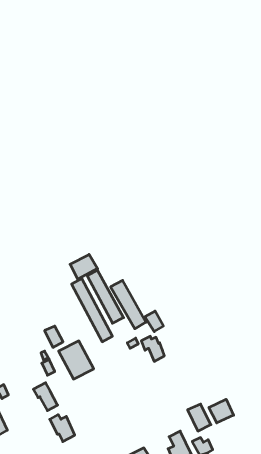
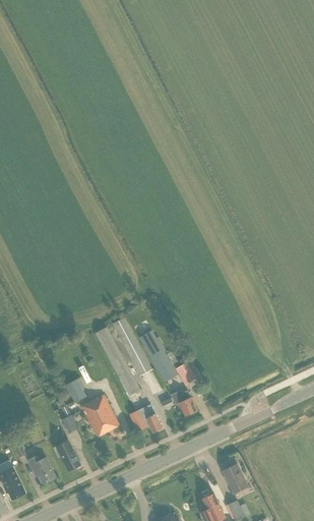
building: [70,254,98,279] -> none
building: none -> [129,404,162,432]
building: [209,399,234,423] -> none
building: [50,415,75,442] -> [27,455,55,484]

